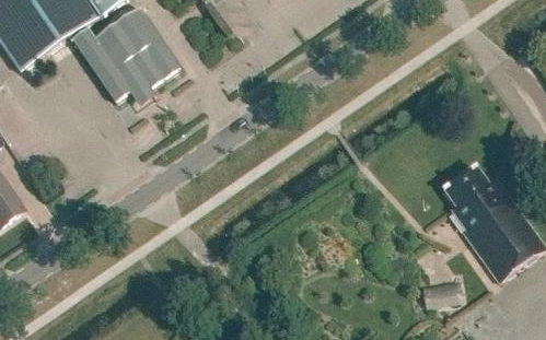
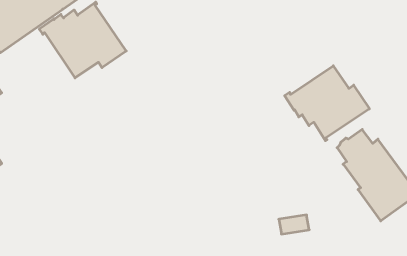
building: none -> [285,66,369,141]
building: [422,280,461,304] -> [279,215,309,234]

